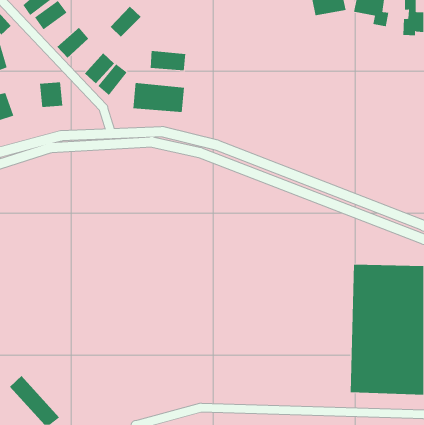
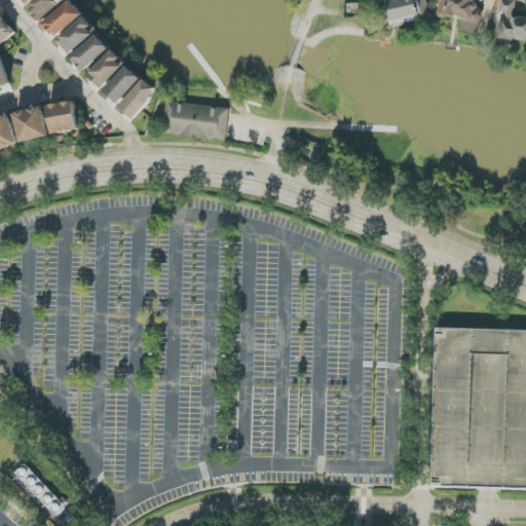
building: [110,6,142,38] -> [87,49,126,88]
building: none -> [57,15,97,54]
building: [150,50,186,71] -> none
building: none -> [13,106,49,142]

